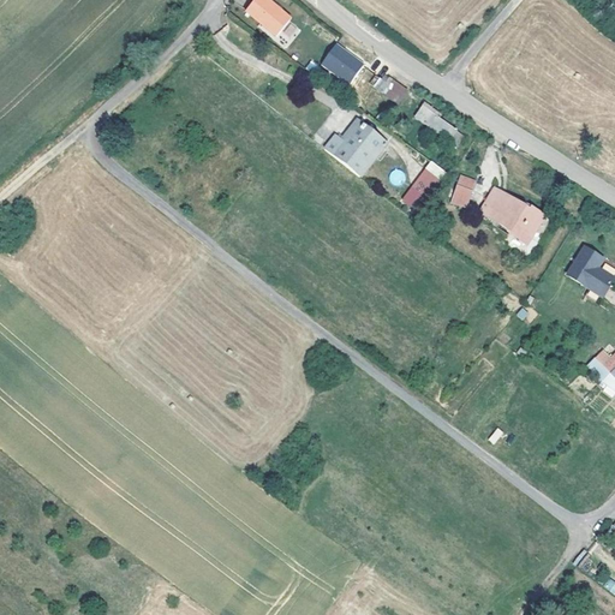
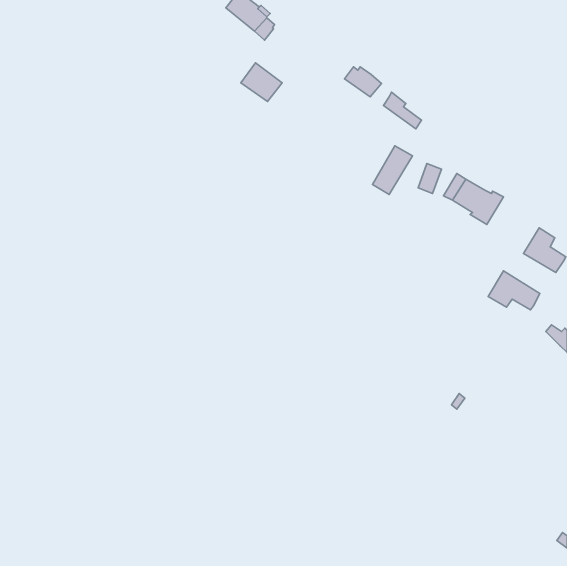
building: [318,40,363,82] -> [241,63,282,102]
building: [332,121,384,175] -> none
building: none -> [488,271,540,310]

